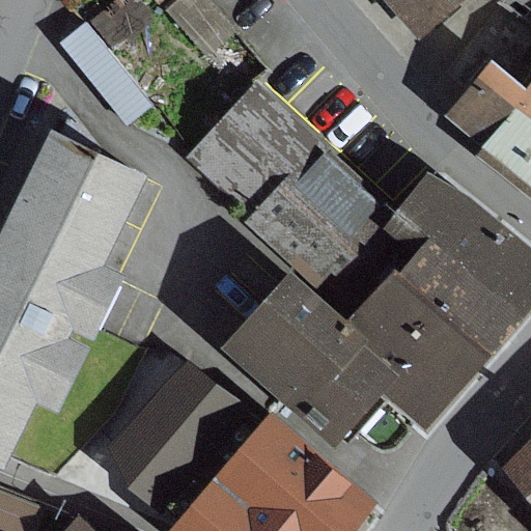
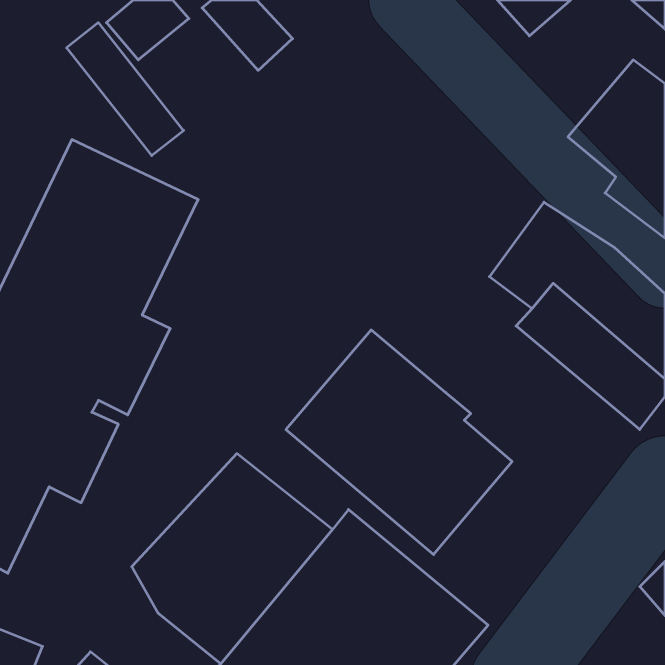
building: [193,89,381,279] -> none
building: [347,260,499,430] -> none

